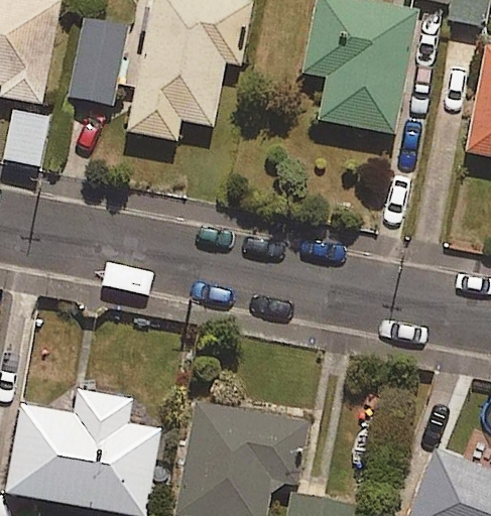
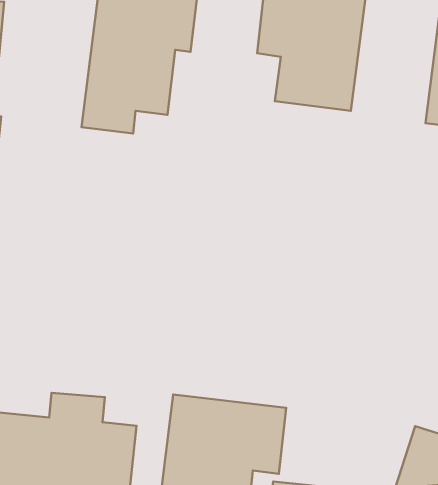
building: [69,18,125,103] -> none

